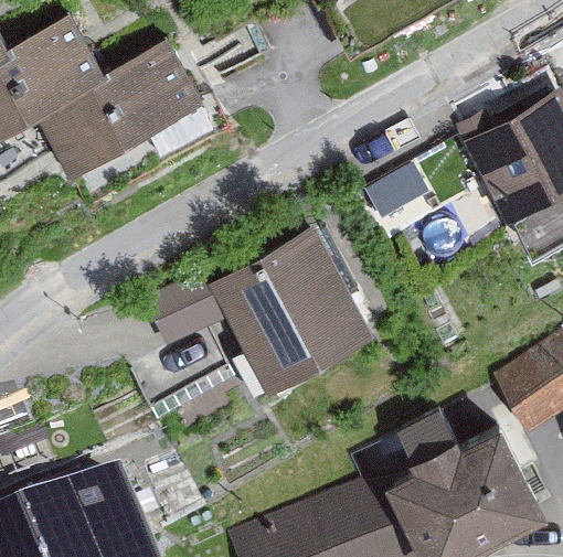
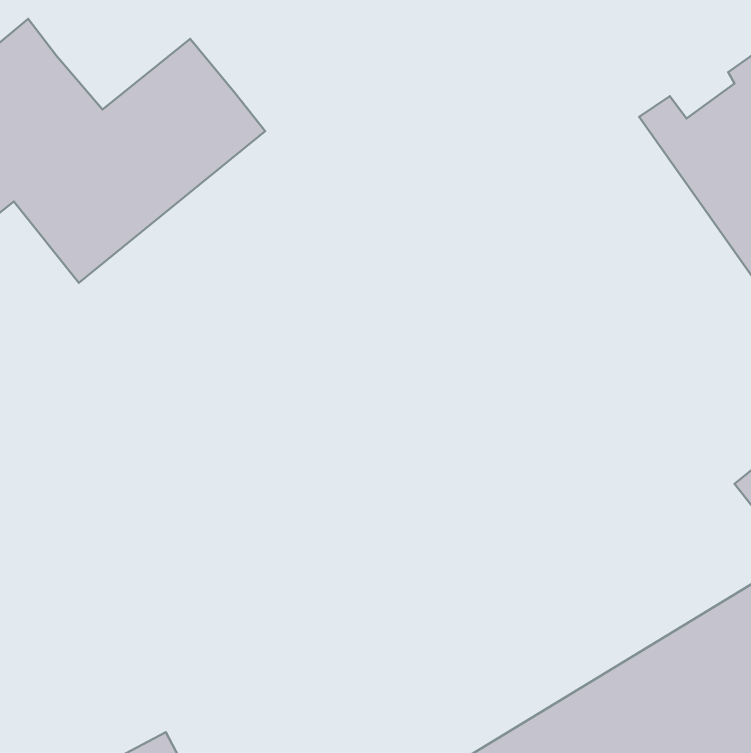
building: [206,231,355,378] -> none

